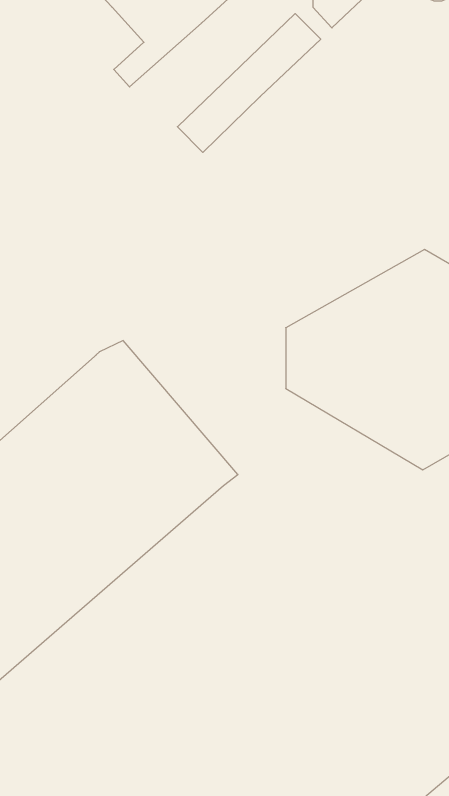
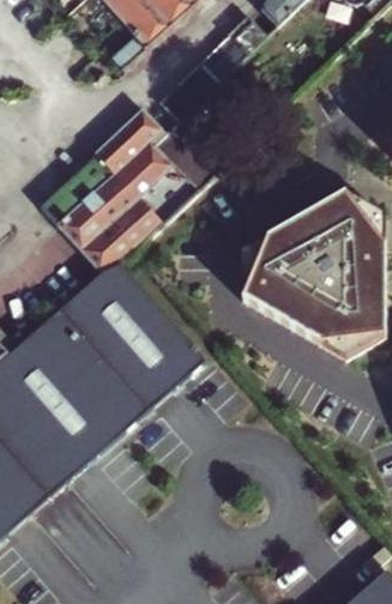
building: none -> [40,103,199,267]

